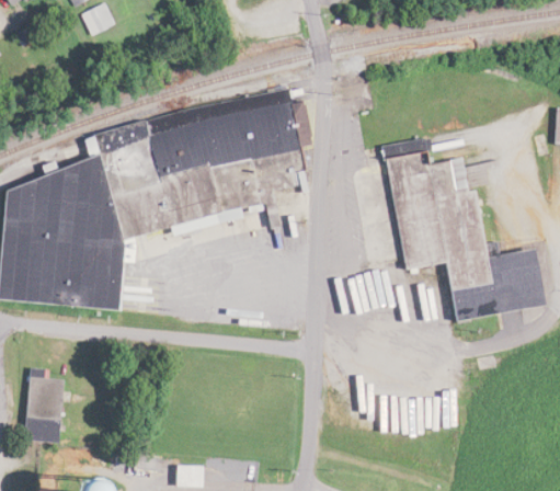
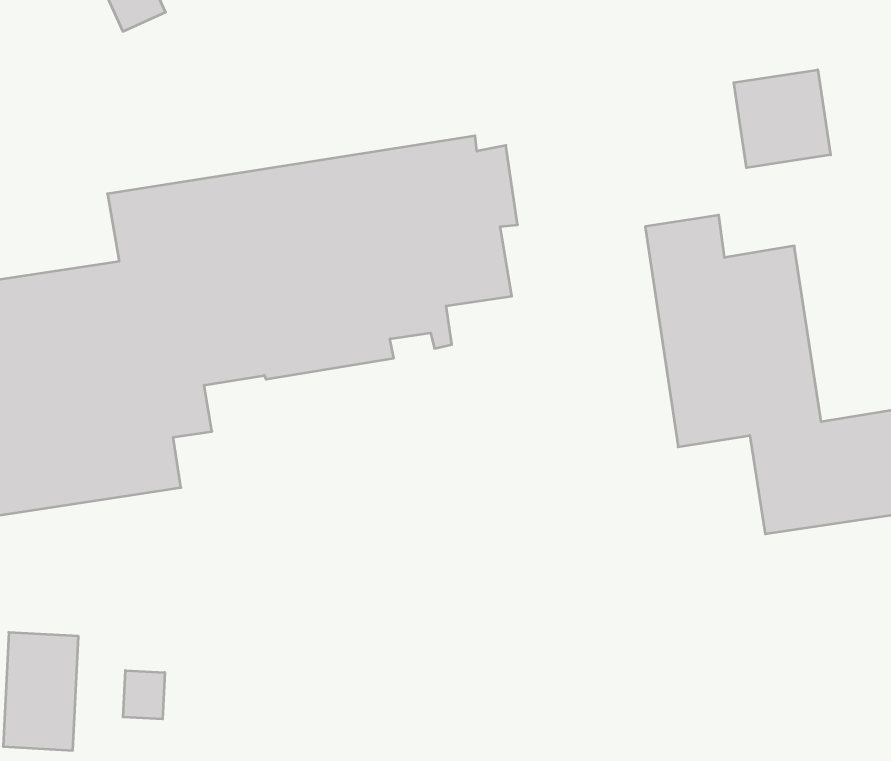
building: none -> [734,70,831,168]
building: none -> [123,670,165,719]

